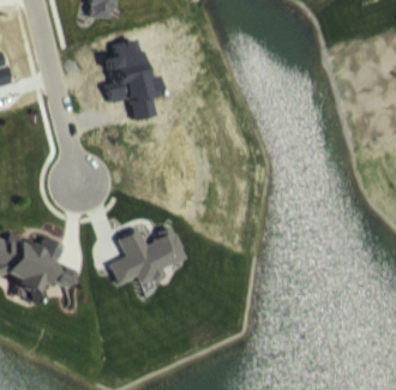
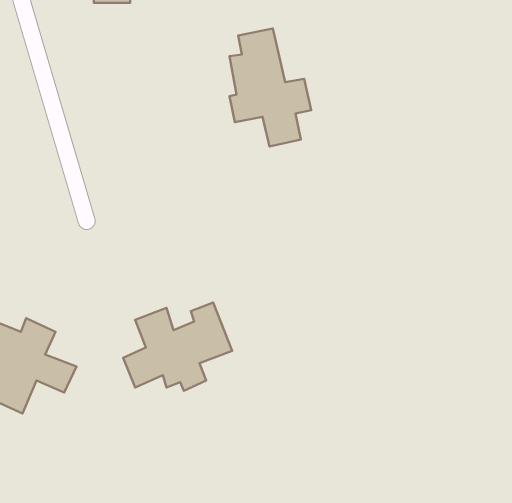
building: [106,37,162,119] -> [230,29,311,146]

